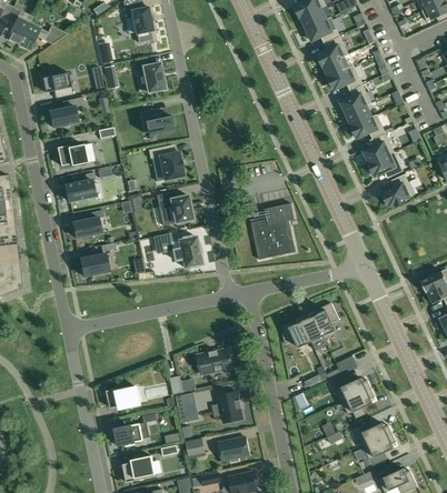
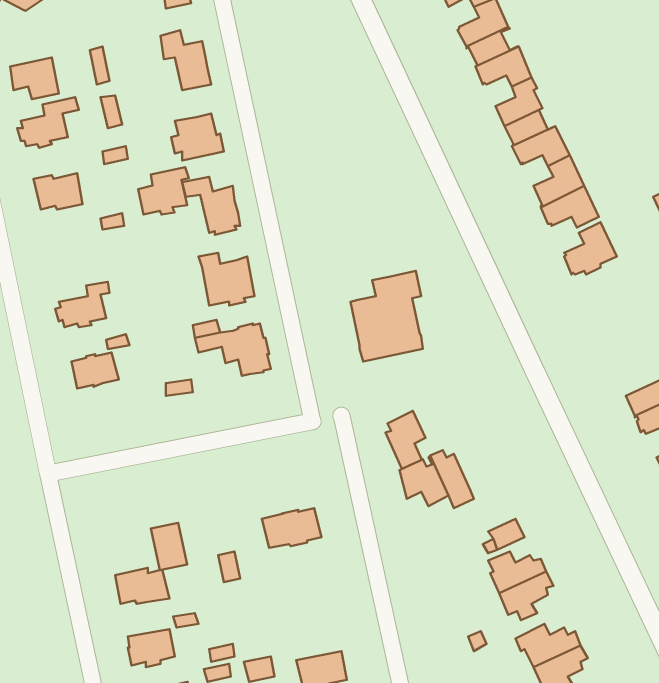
building: [64,172,96,201] -> [138,167,189,214]
building: [315,302,339,338] -> [386,411,425,469]
building: [212,392,242,421] -> none
building: [177,393,199,422] -> [151,523,187,570]

